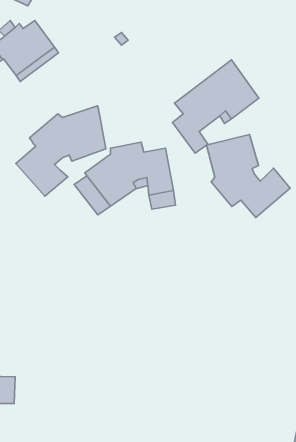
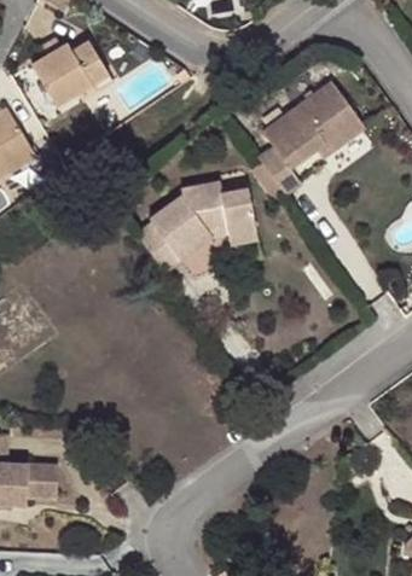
building: [16,106,106,196] -> none
building: [207,134,290,218] -> none

